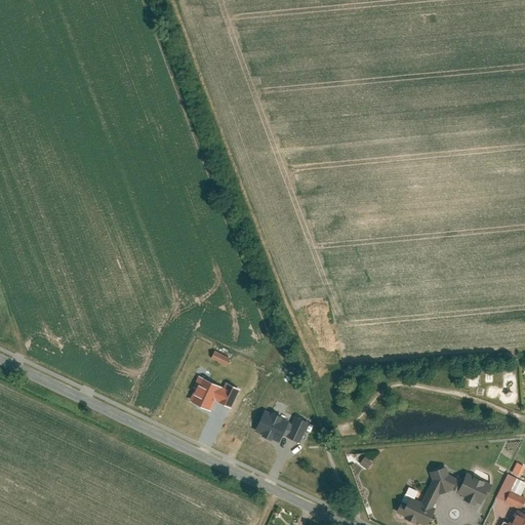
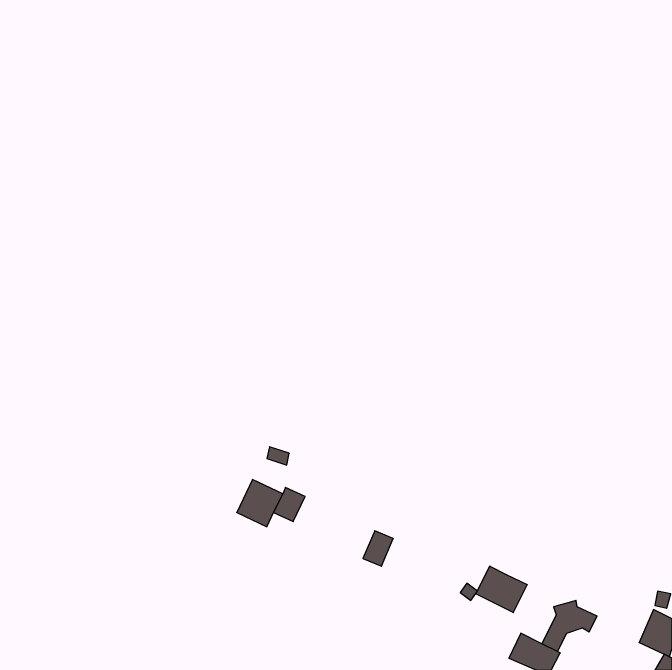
building: [251,408,287,442] -> none
building: none -> [476,566,527,613]
building: [459,473,494,508] -> none

